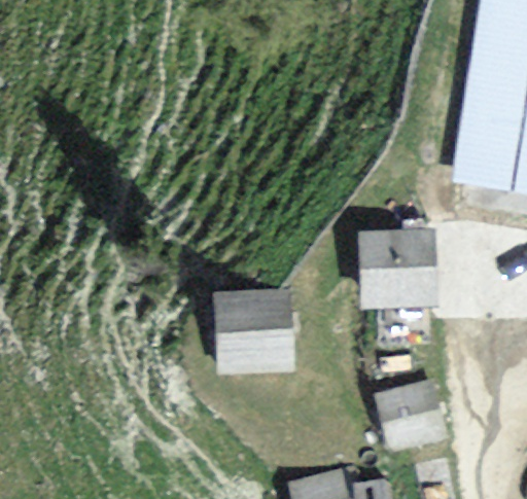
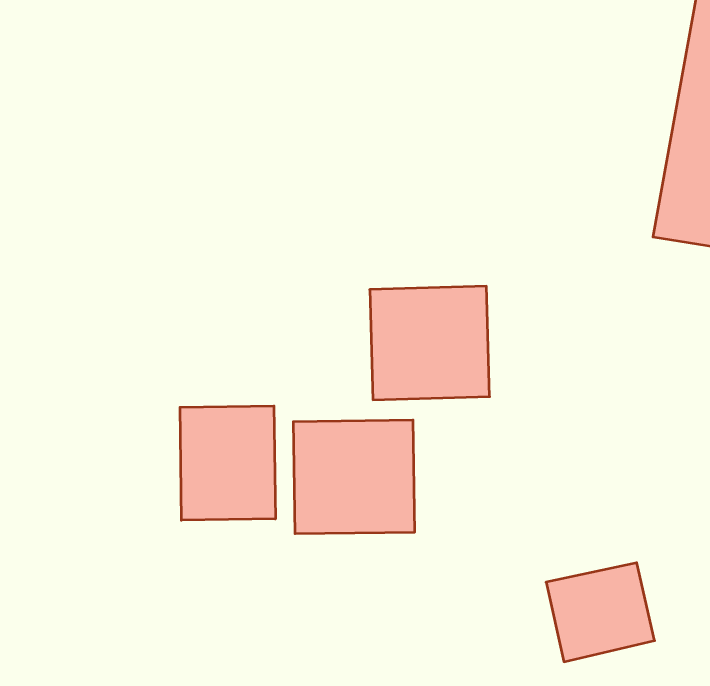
building: [362,230,438,302] -> [370,286,490,400]
building: none -> [180,406,275,520]

